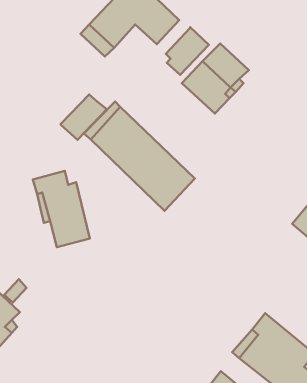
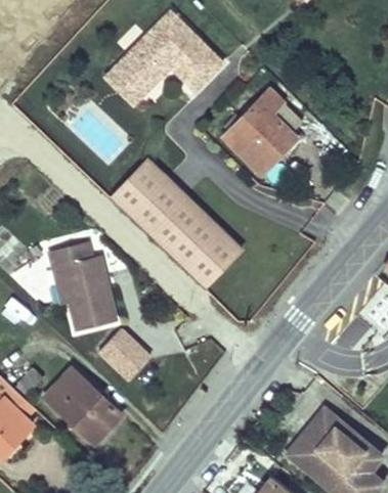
building: [166,27,209,75] -> none
building: [61,94,107,140] -> none
building: none -> [92,324,149,383]
building: none -> [46,368,121,442]

